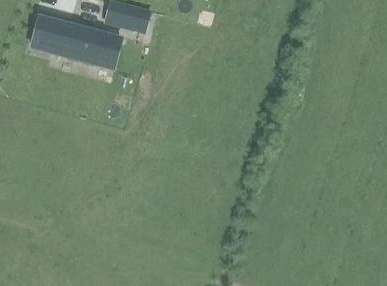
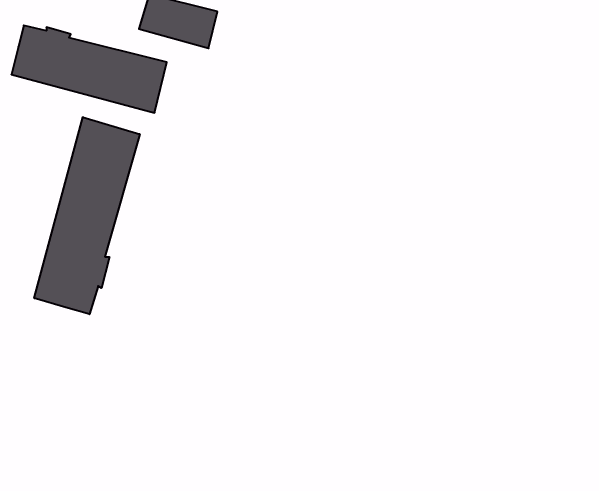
building: none -> [34,117,140,314]

